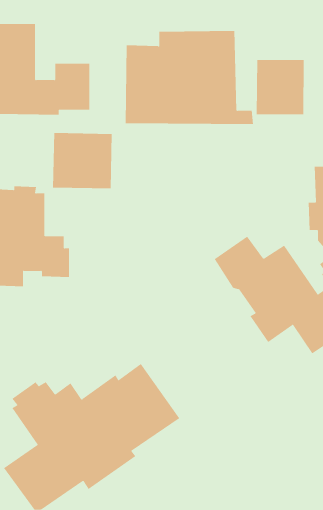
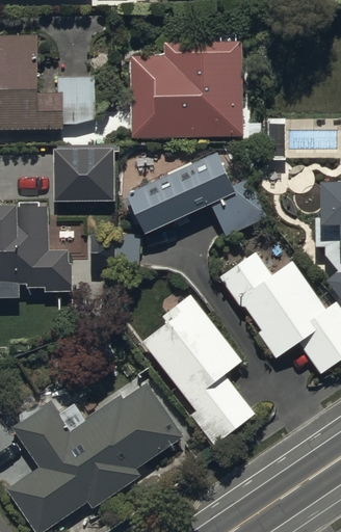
building: [256,59,304,115] -> none
building: none -> [119,152,266,237]
building: none -> [140,294,255,448]

